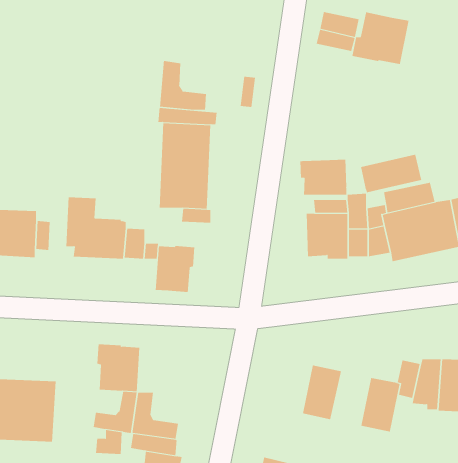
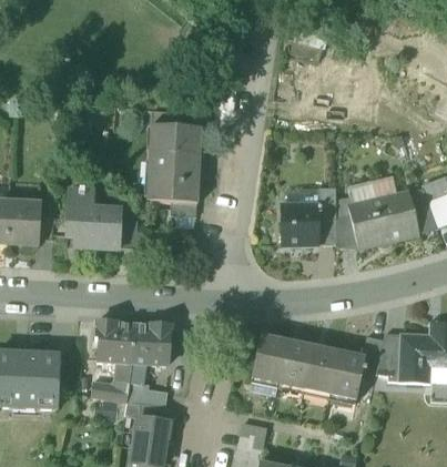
building: [352,12,409,65] -> none
building: [159,60,207,111] -> none
building: [361,154,422,193] -> none
building: [300,159,347,196] -> none
building: [155,245,195,293] -> none
building: none -> [131,324,171,366]
building: none -> [251,335,286,384]
building: none -> [303,346,338,395]

